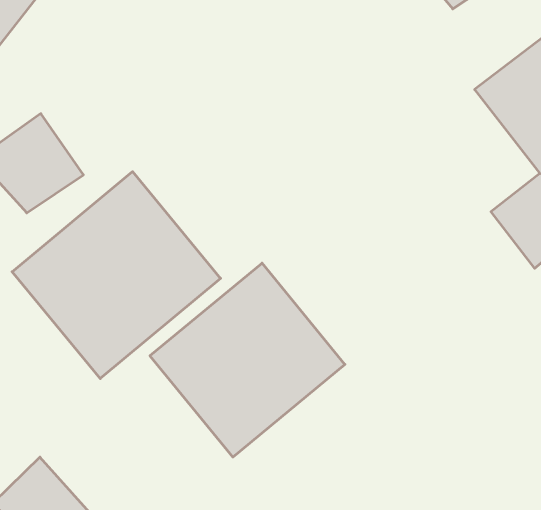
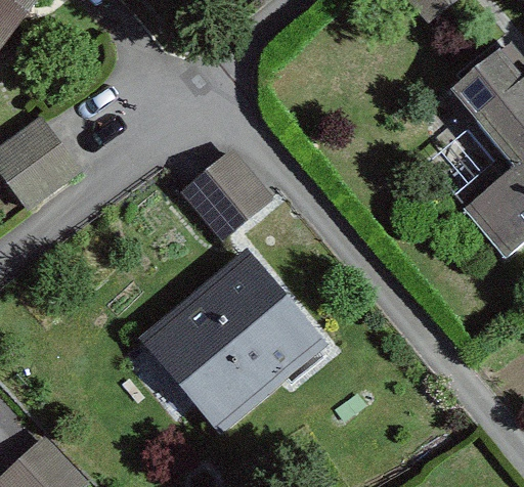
building: none -> [183,148,276,235]
building: [12,172,221,379] -> none

